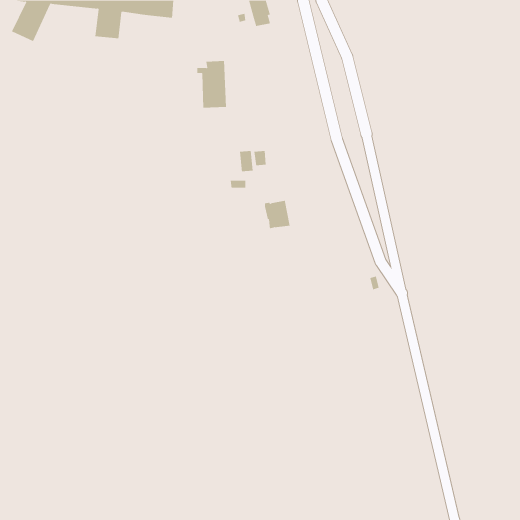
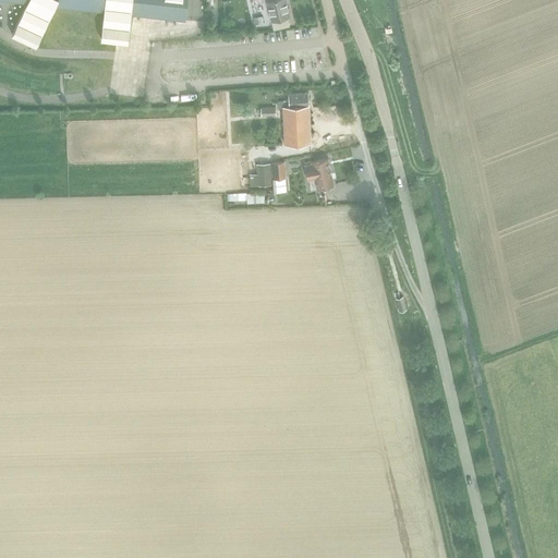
building: [196,60,227,108] -> [278,92,311,143]
building: [264,200,291,229] -> [304,158,332,189]

